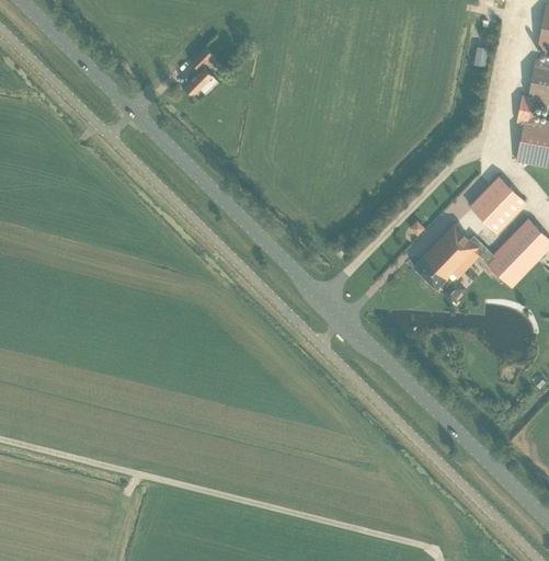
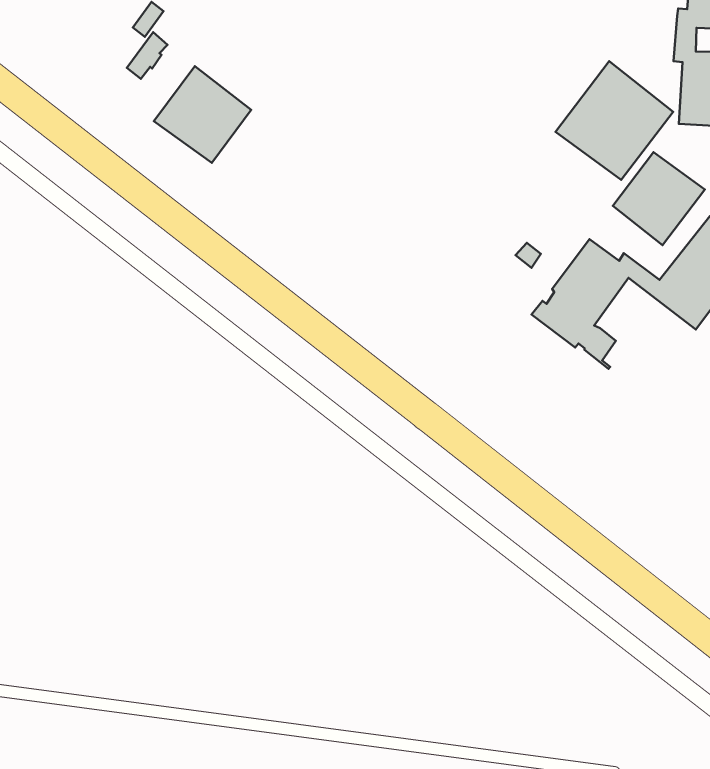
building: none -> [154,66,251,163]
building: none -> [555,61,673,180]

